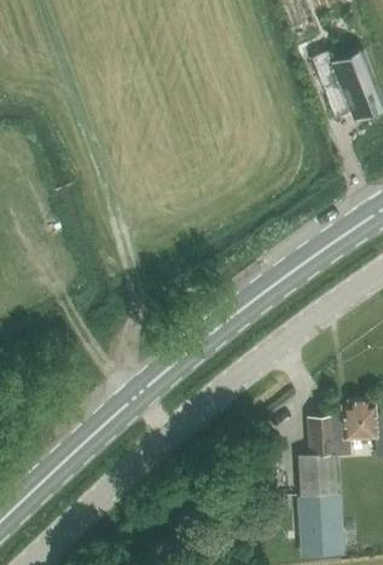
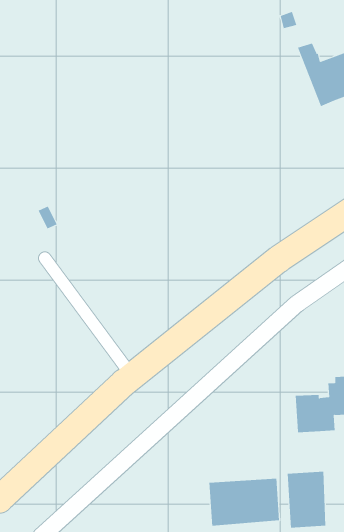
building: [300,456,337,496] -> none
building: none -> [209,478,279,527]

